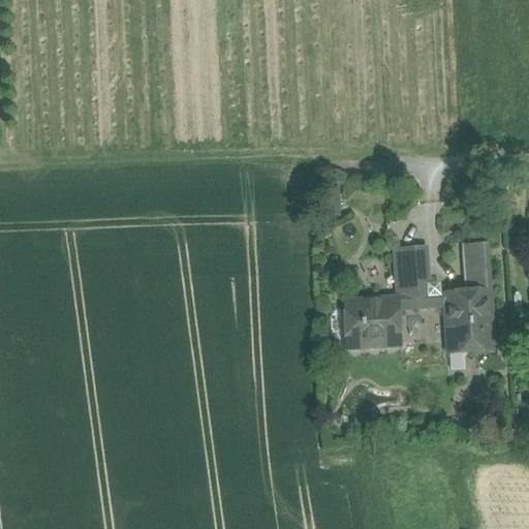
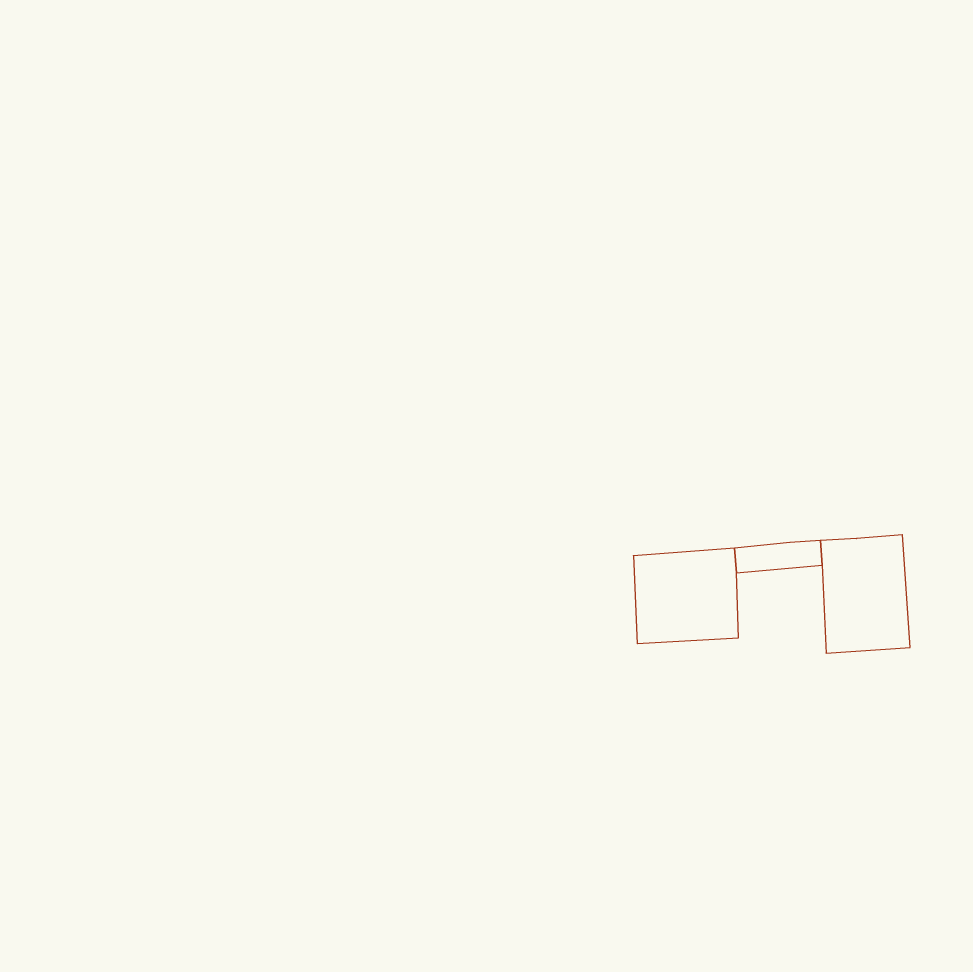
building: [462,244,490,291] -> none
building: [394,246,429,297] -> none

